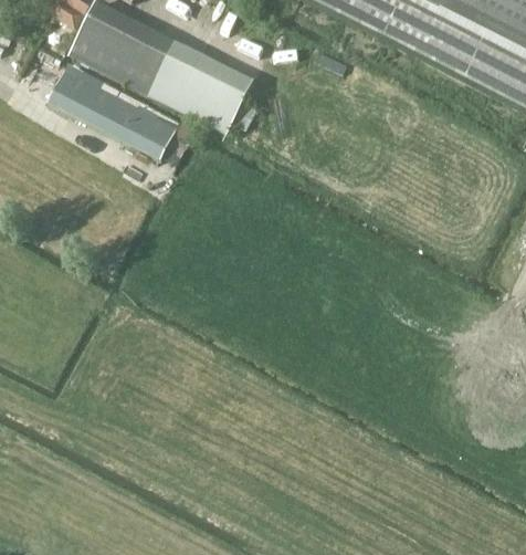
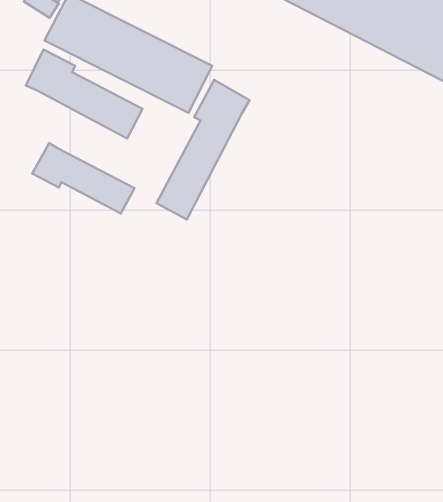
building: none -> [157,80,250,219]
building: none -> [32,143,135,214]

